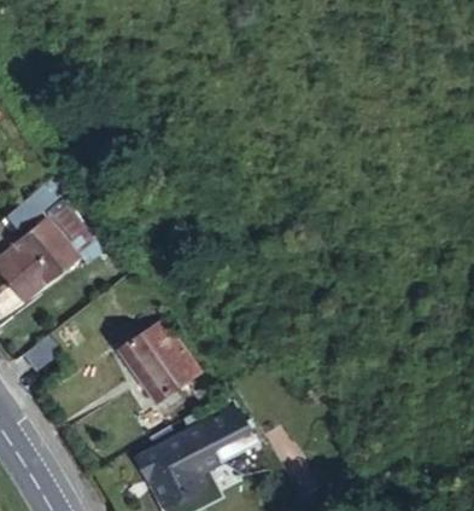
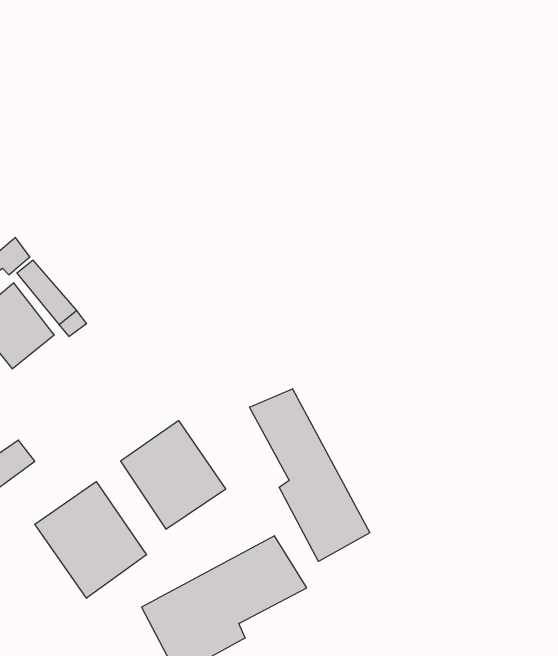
building: none -> [249,389,370,561]
building: none -> [35,482,147,598]

